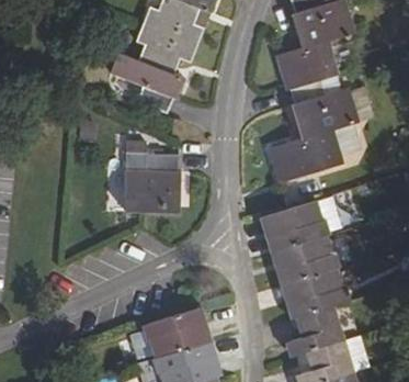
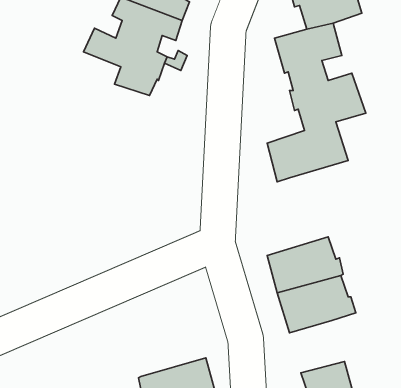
building: [124,154,180,211] -> none
building: [261,200,328,249] -> none
building: [148,305,217,356] -> none
building: [281,306,339,358] -> none

